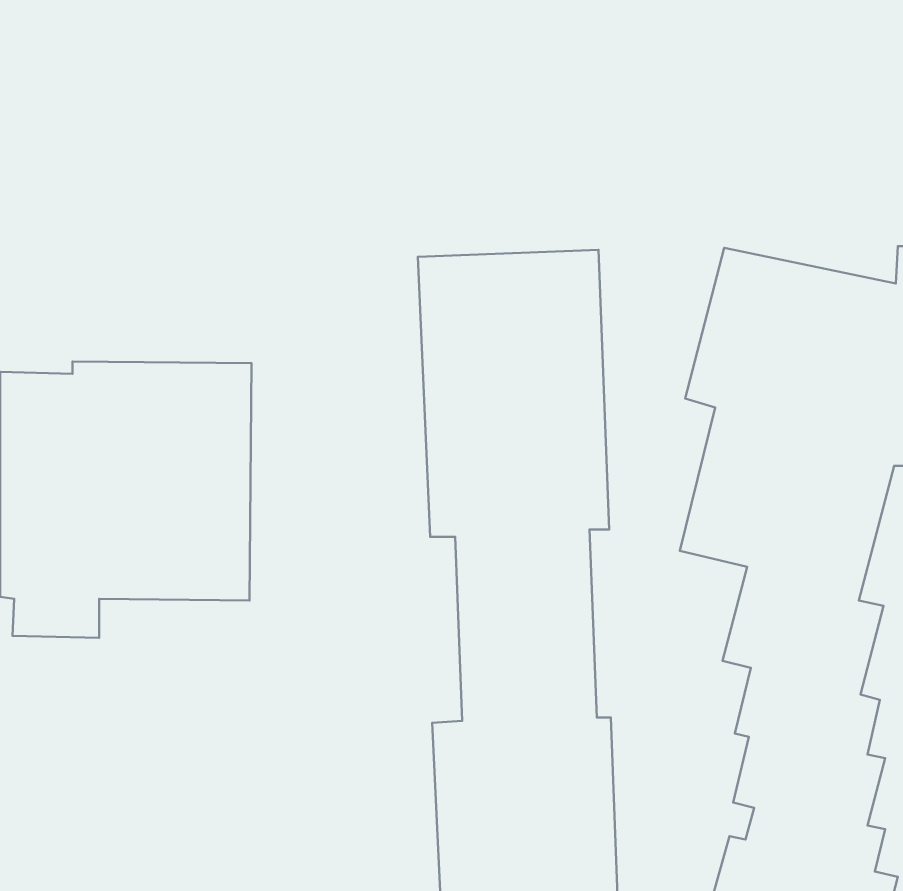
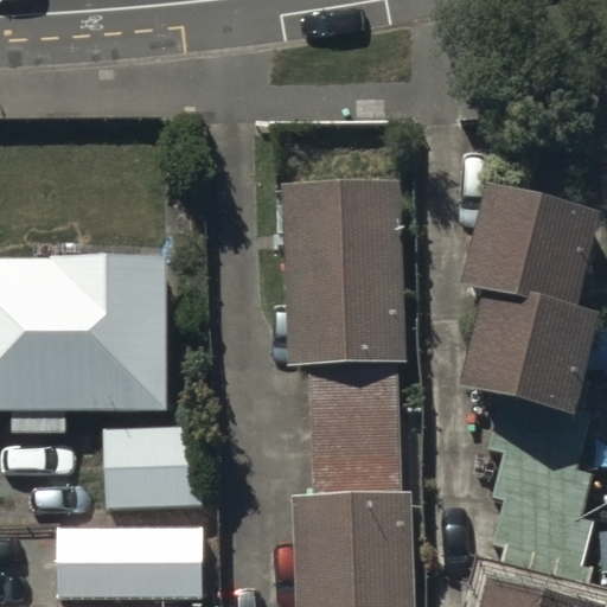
building: none -> [104,428,203,510]
building: none -> [58,529,202,601]

